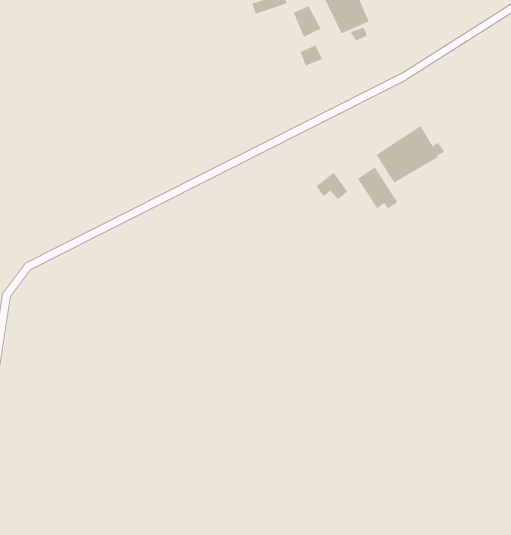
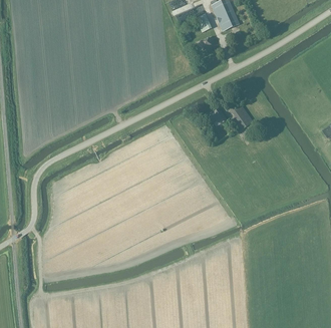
building: [376,125,445,183] -> none

